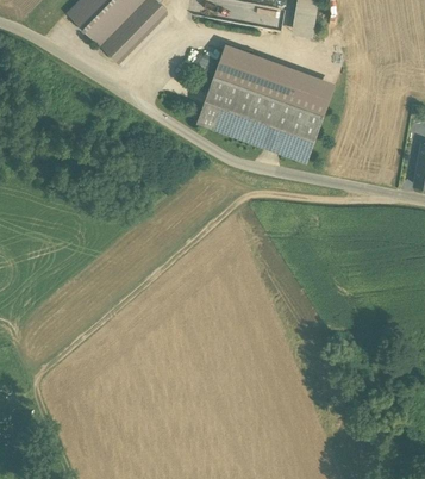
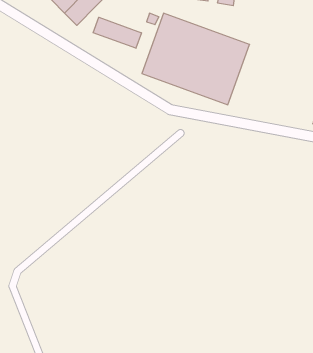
building: none -> [93,17,141,48]

